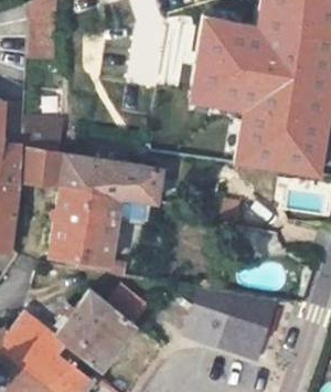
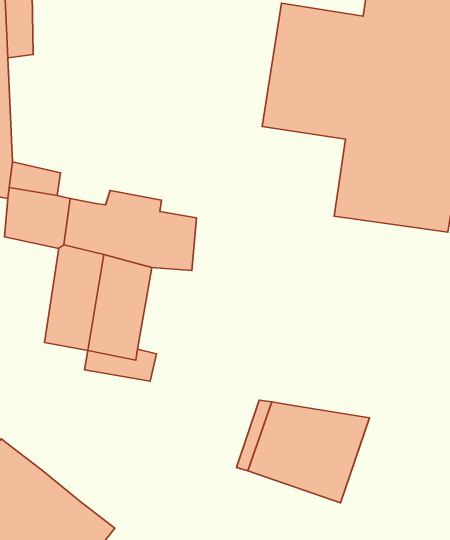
building: [46,282,131,367] -> none

